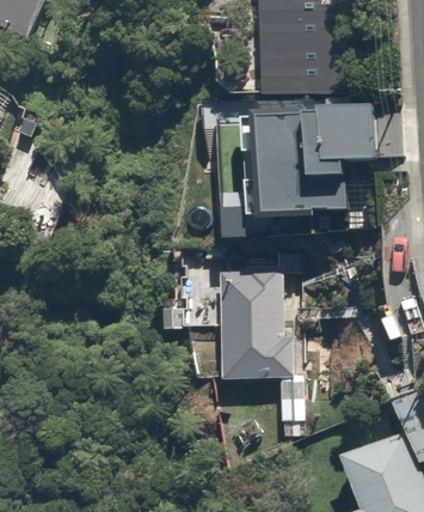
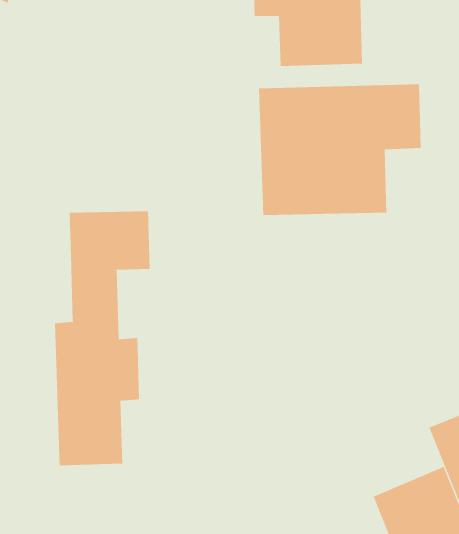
building: none -> [55,210,150,466]
building: [219,263,288,400] -> none

